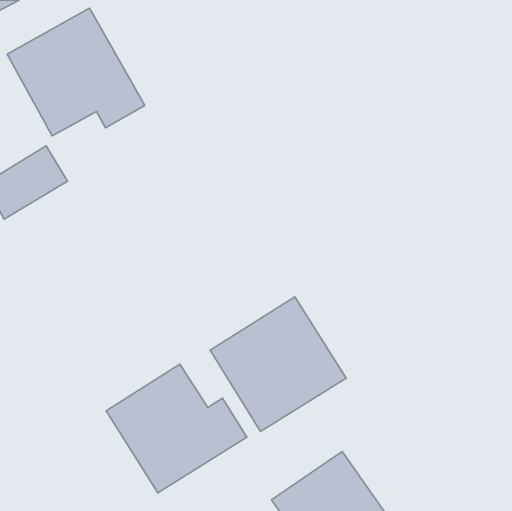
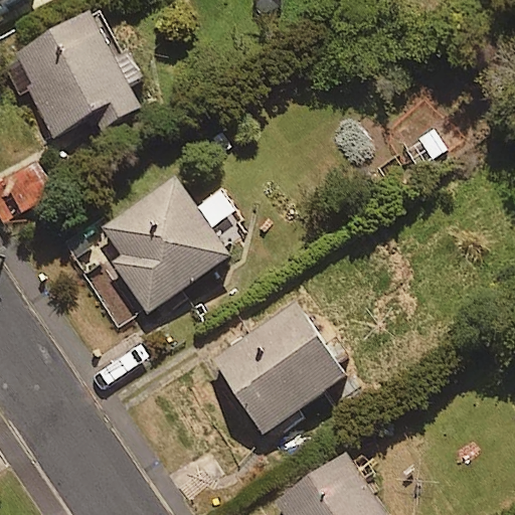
building: none -> [90,177,228,315]
building: [106,364,247,493] -> none

